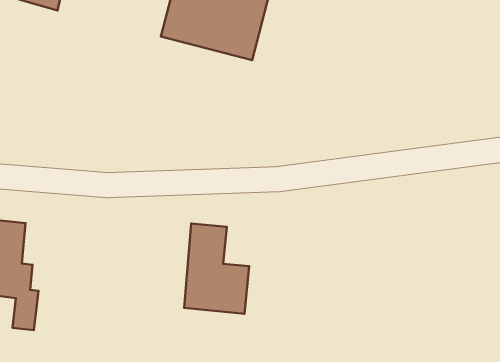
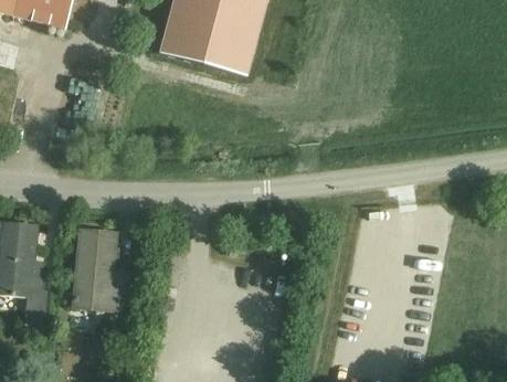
building: [184,223,249,314] -> [74,229,135,312]

